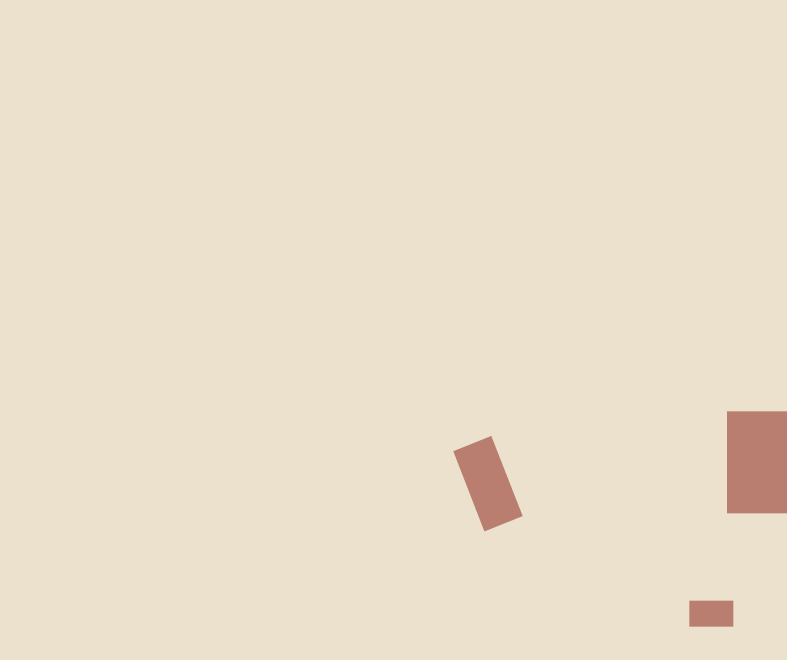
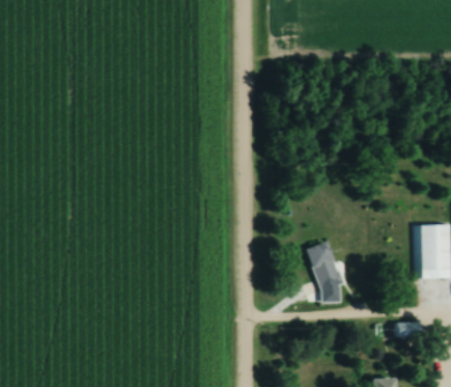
building: [452,435,524,532] -> [306,242,343,293]

